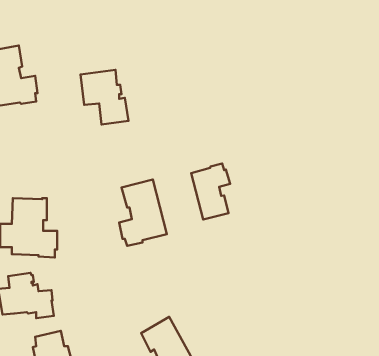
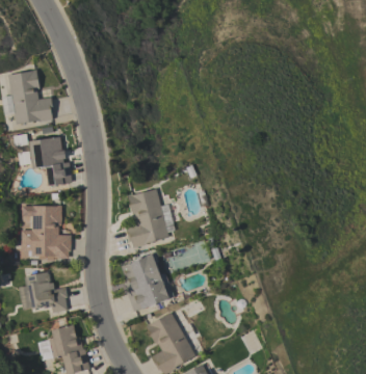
building: [81,70,128,124] -> [30,137,73,186]
building: [191,163,230,219] -> none
building: none -> [124,259,167,312]

